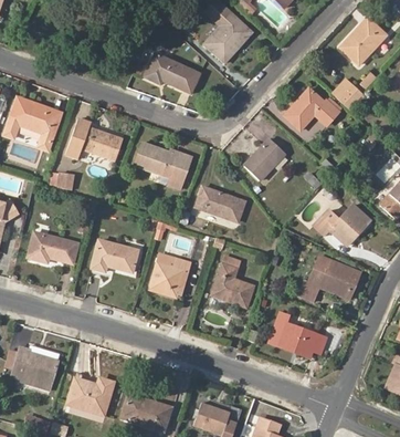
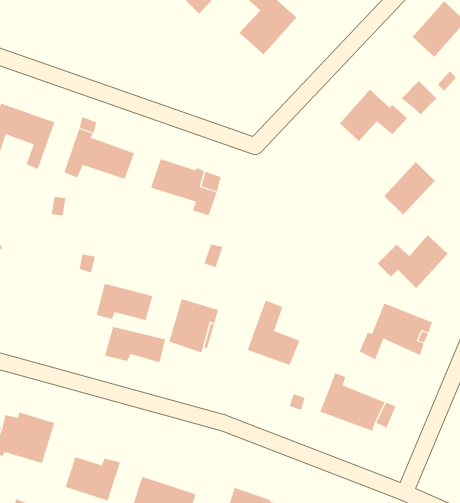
building: [145,53,199,93] -> none
building: [244,137,285,180] -> [384,161,435,216]
building: [196,187,244,220] -> none
building: [28,233,76,262] -> [104,327,166,363]

